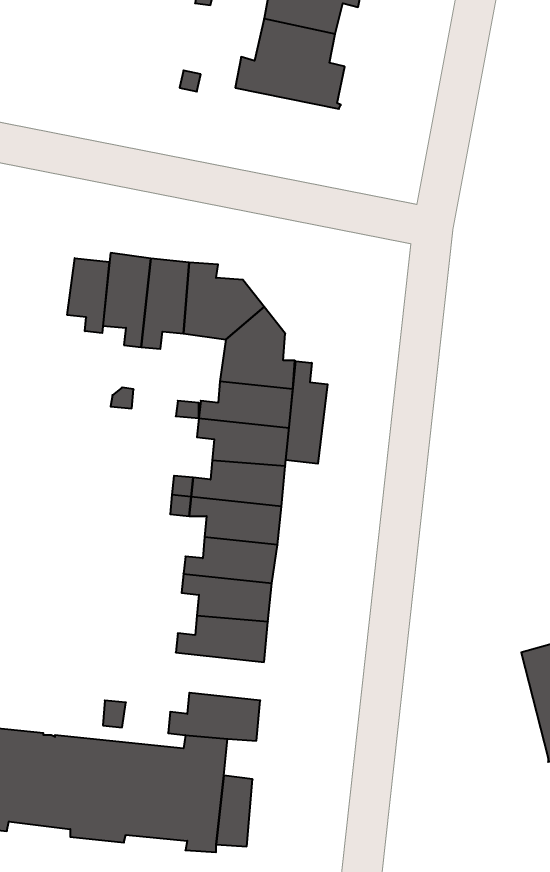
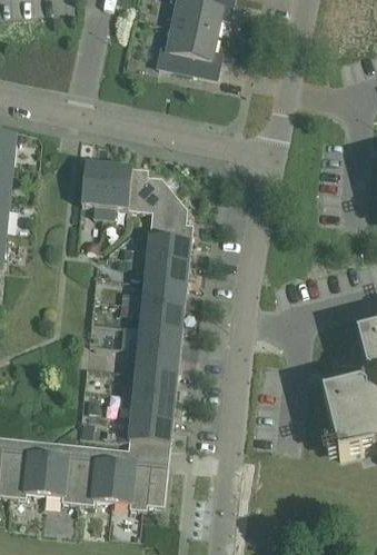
building: [67,258,109,333] -> none
building: [286,361,328,464] -> none
building: none -> [122,394,175,422]

